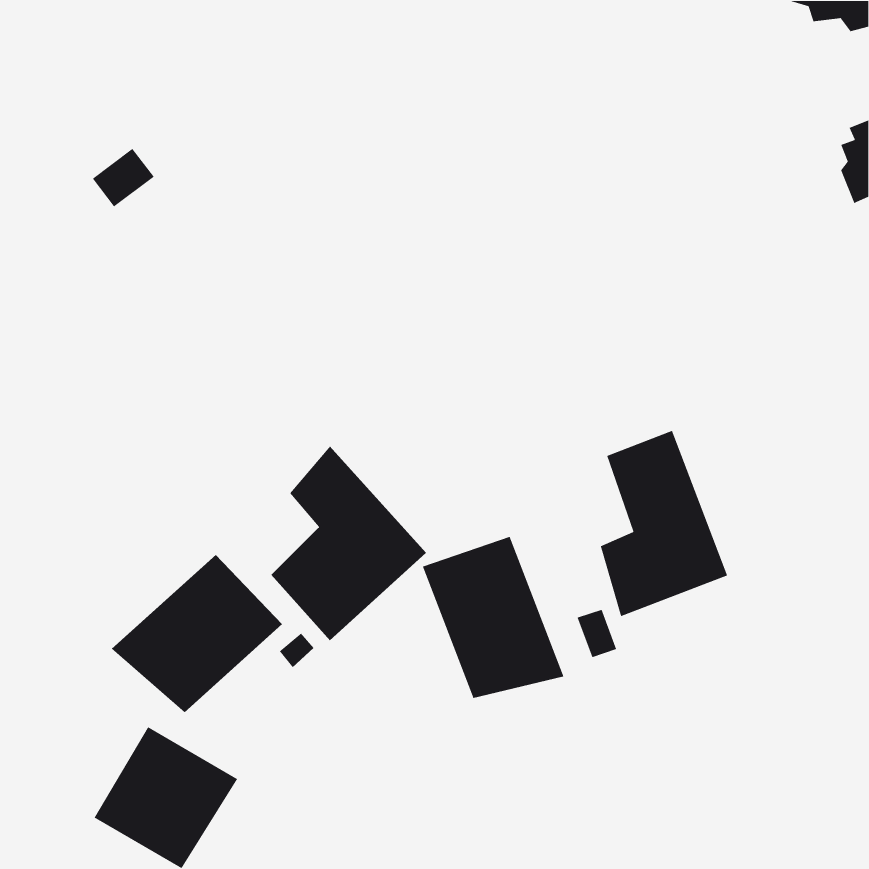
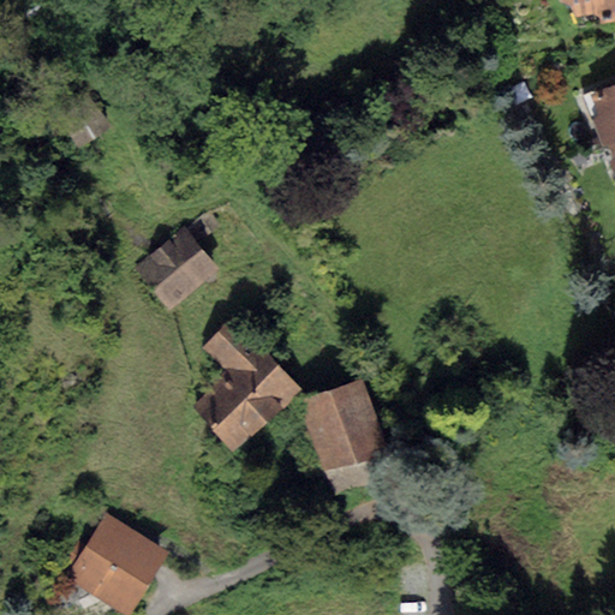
building: none -> [136,226,222,310]
building: [600,430,728,617] -> none
building: [111,554,283,713] -> none

